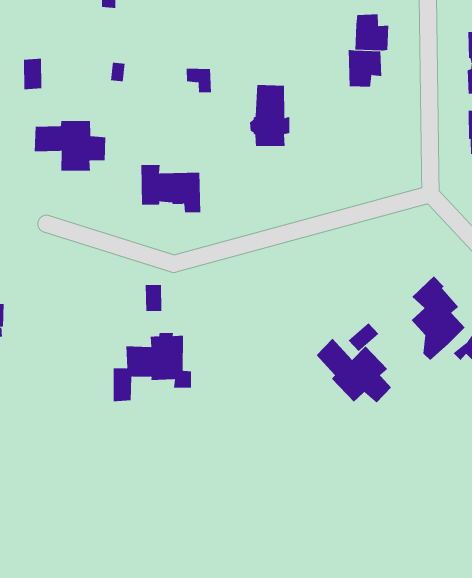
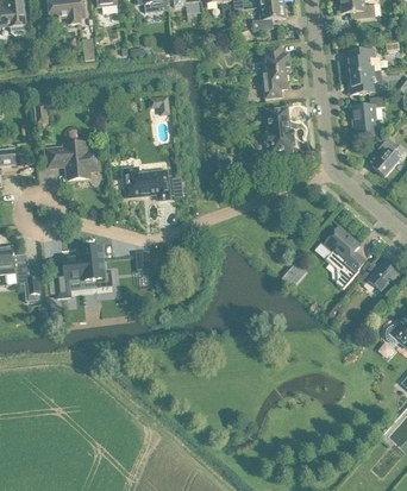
building: [249,84,290,147] -> [264,107,294,152]
building: [113,332,192,402] -> [55,244,112,297]
building: [316,338,392,403] -> none

